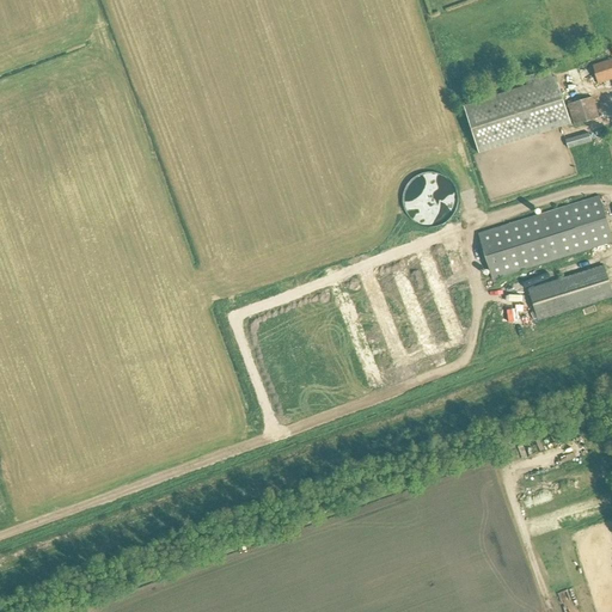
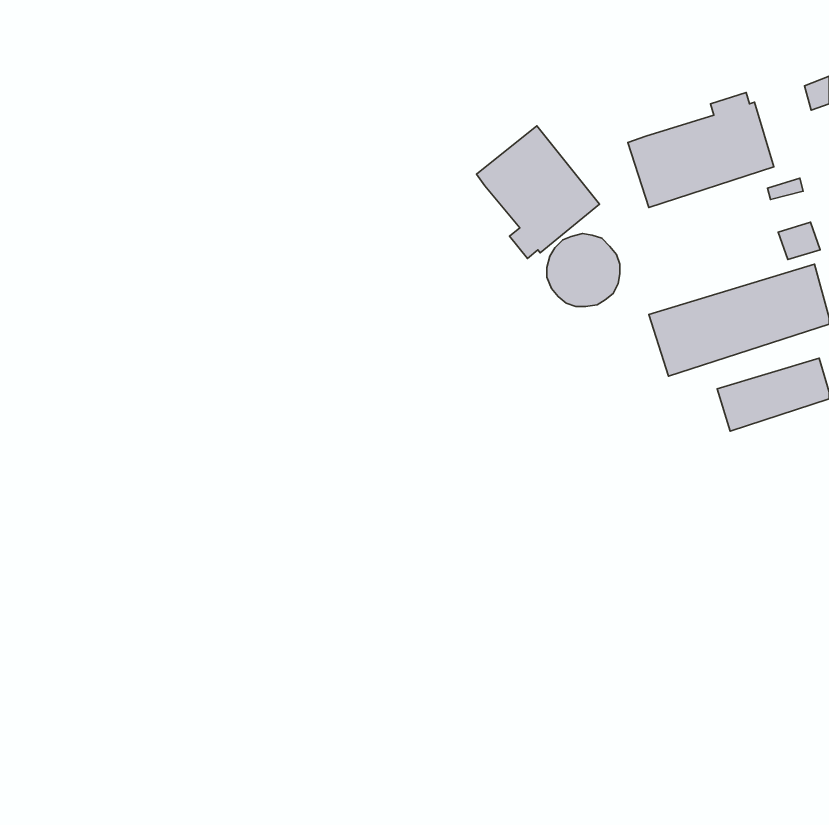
building: none -> [476,126,600,258]
building: [568,96,599,123] -> [778,222,820,260]

